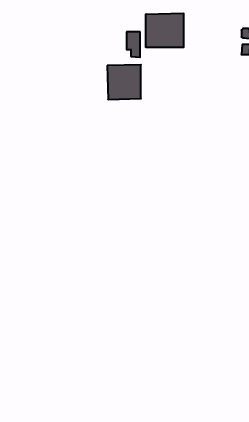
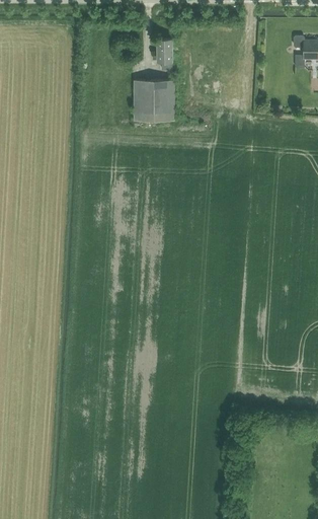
building: [146,13,184,47] -> none

